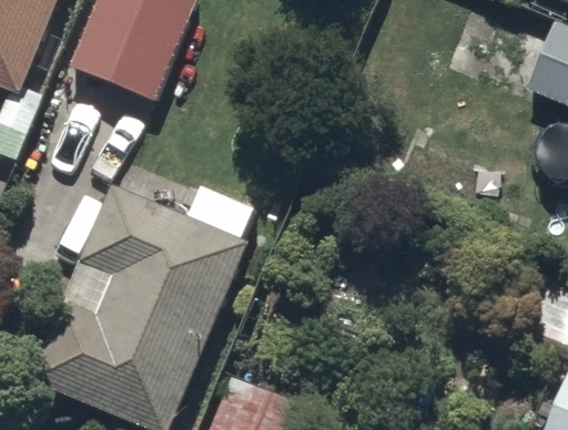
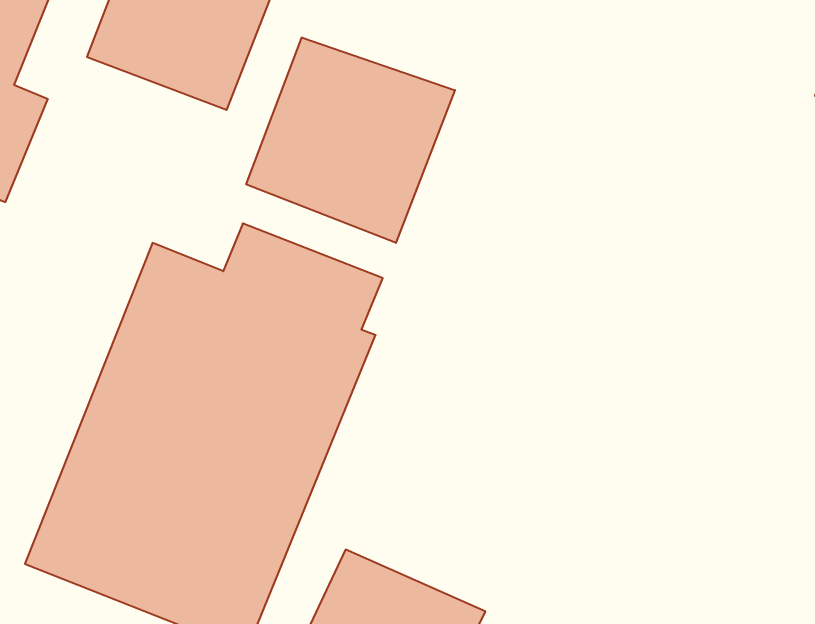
building: none -> [246,37,455,243]

